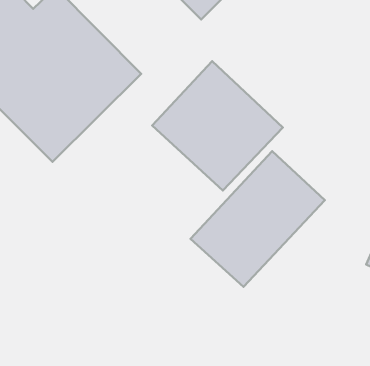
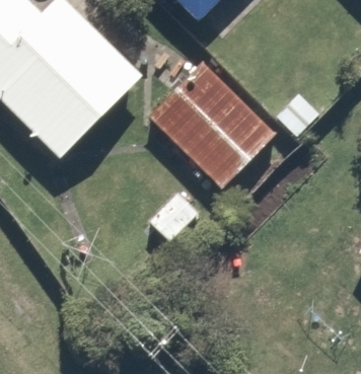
building: [190,151,325,287] -> none

